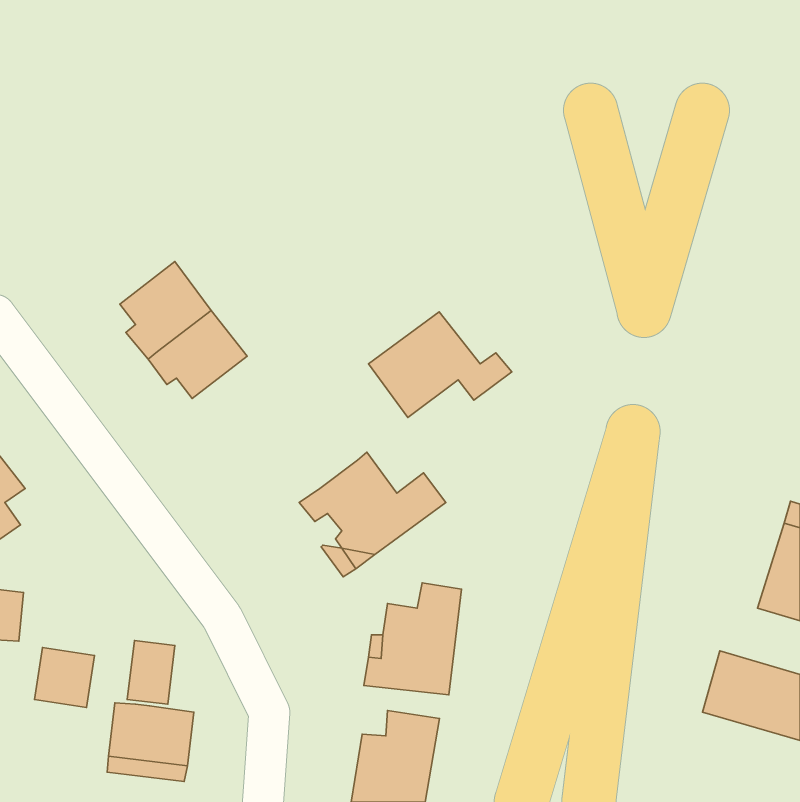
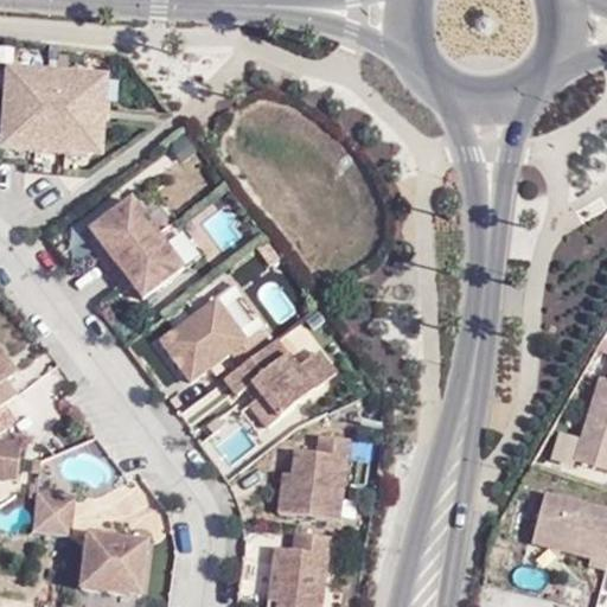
building: none -> [5,63,108,147]
building: [368,312,512,418] -> [161,301,269,381]
building: [127,641,175,704] -> none

